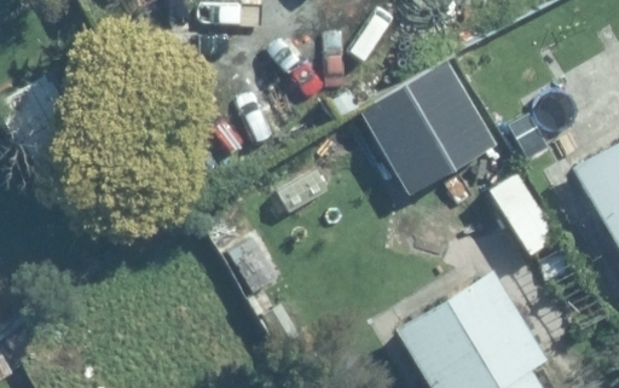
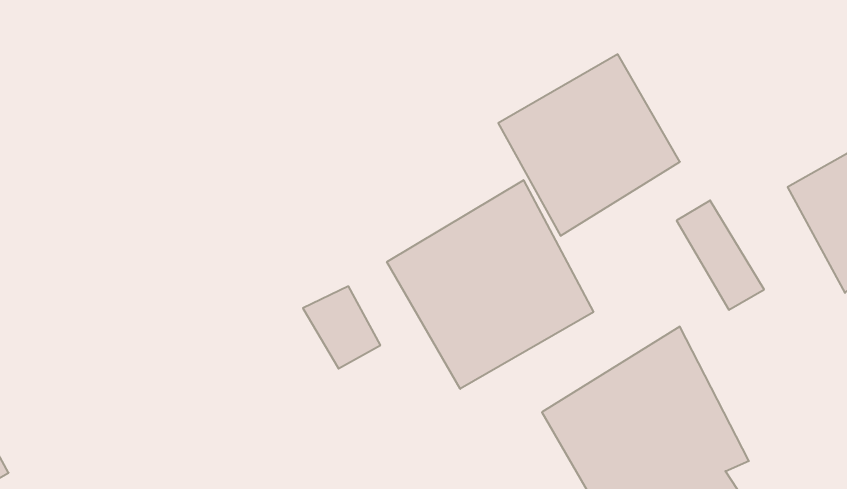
building: none -> [387,180,593,389]

